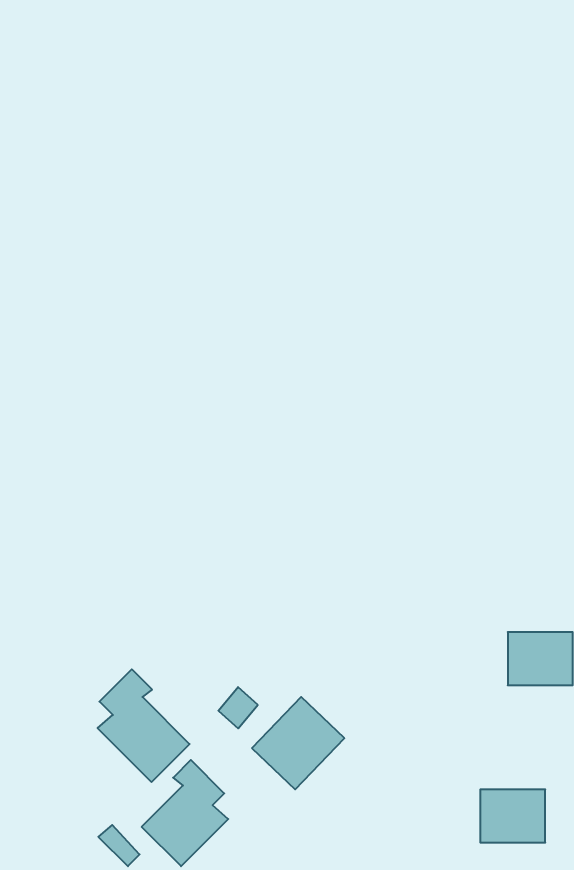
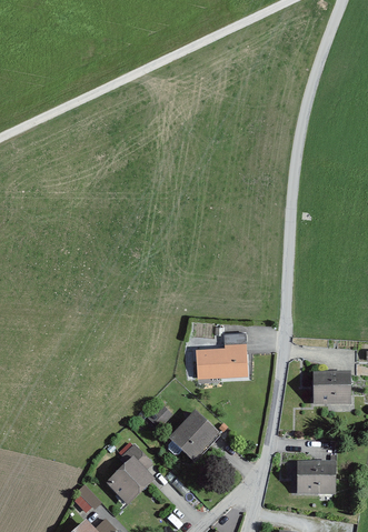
building: none -> [196,333,249,378]
building: [98,669,190,782] -> none

